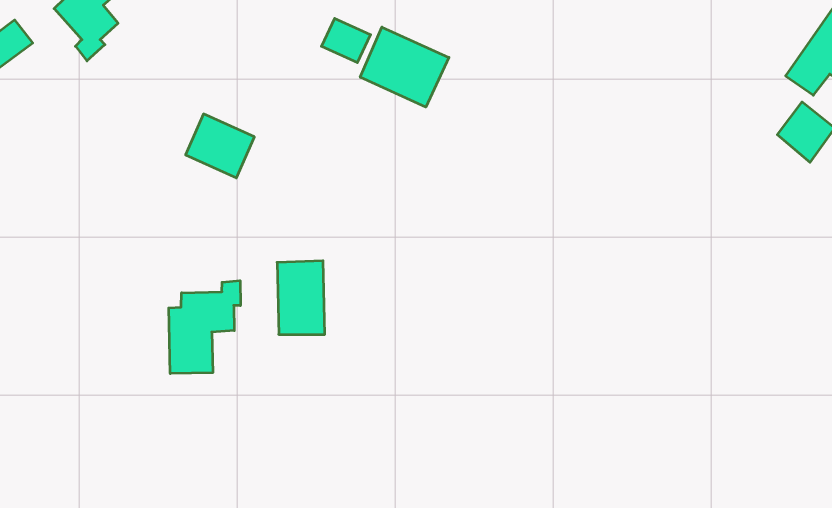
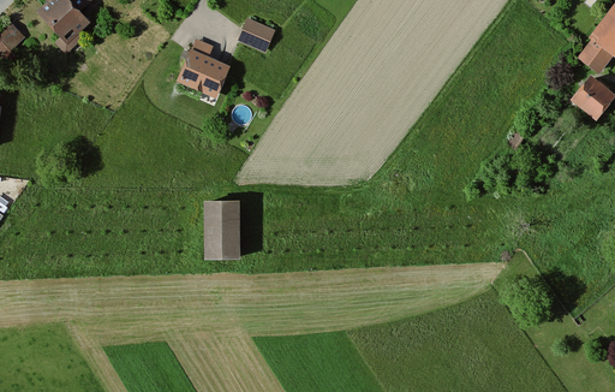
building: [360,27,449,107] -> none
building: [186,114,254,178] -> [179,48,229,95]
building: [169,281,240,374] -> none

